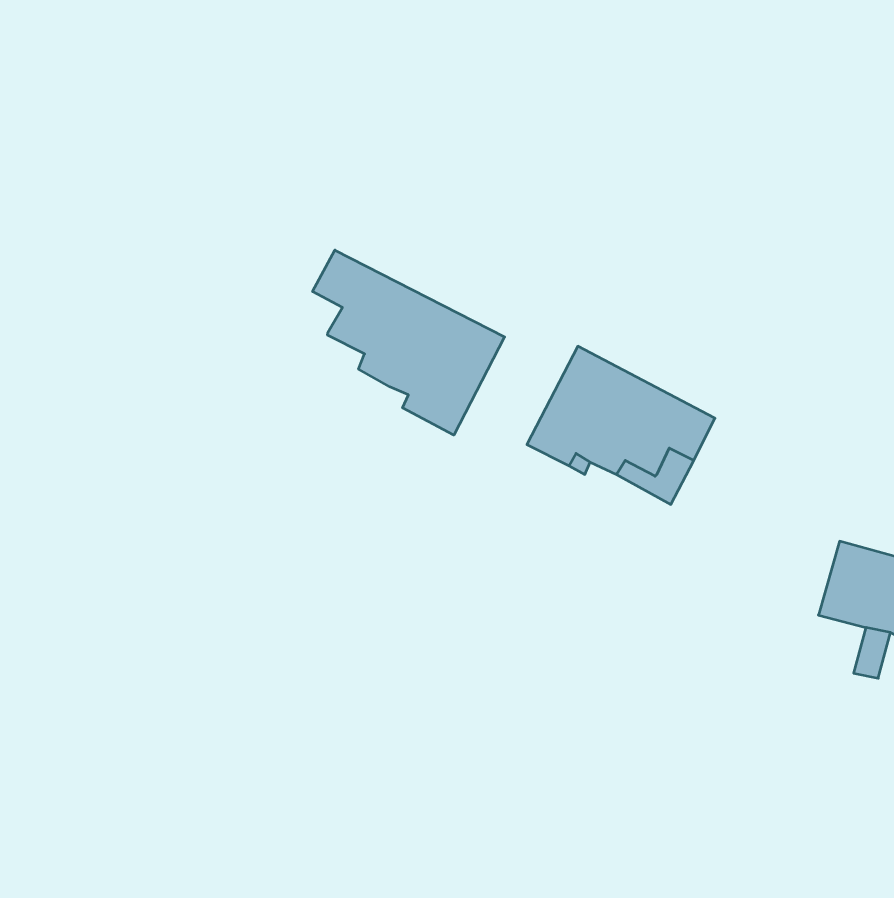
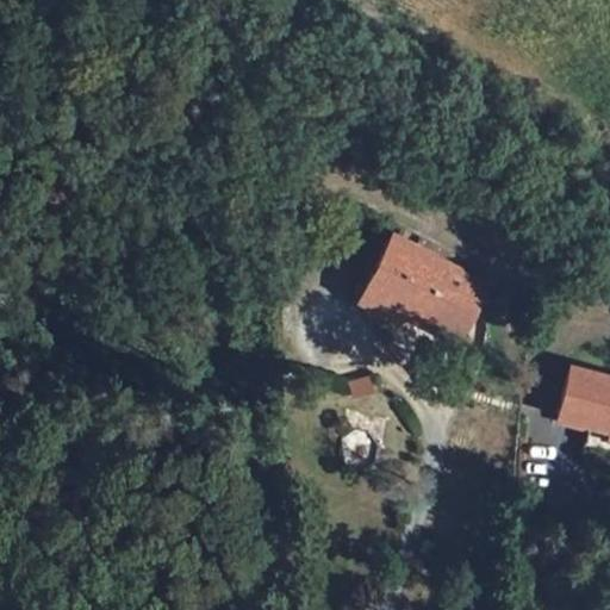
building: [313,250,505,435] -> none

